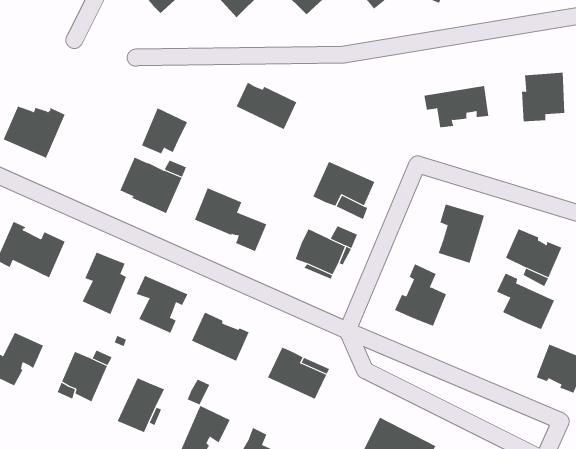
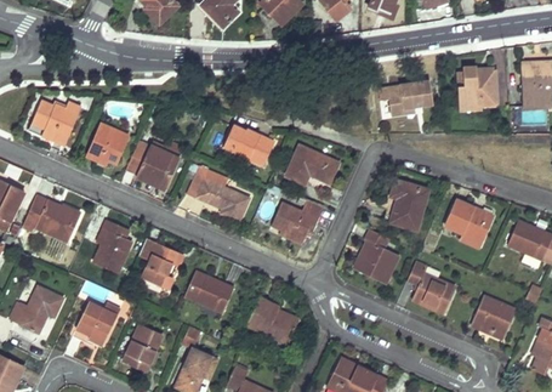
building: [236,82,297,130] -> [223,125,274,165]
building: [141,108,188,154] -> [87,124,126,163]
building: [496,273,555,330] -> [406,265,455,312]

